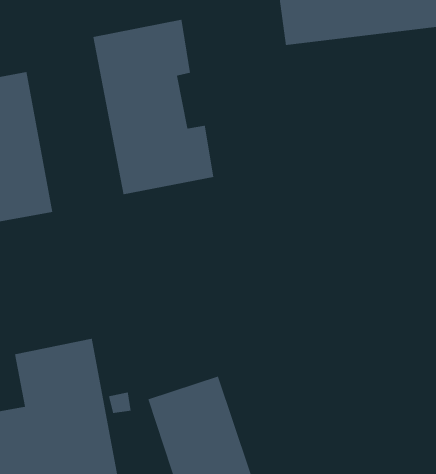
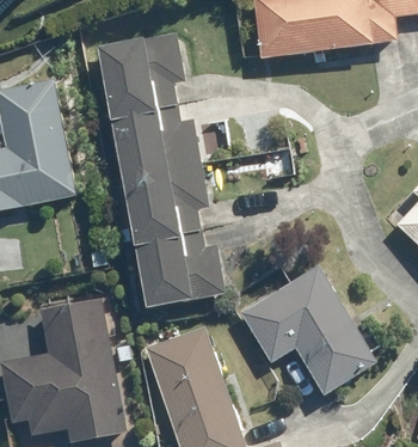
building: none -> [127,165,227,306]
building: none -> [241,264,379,394]

